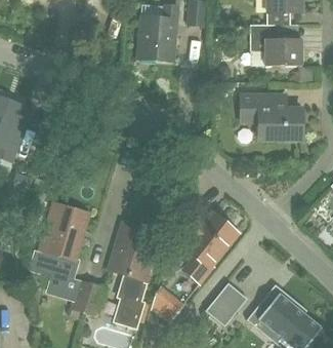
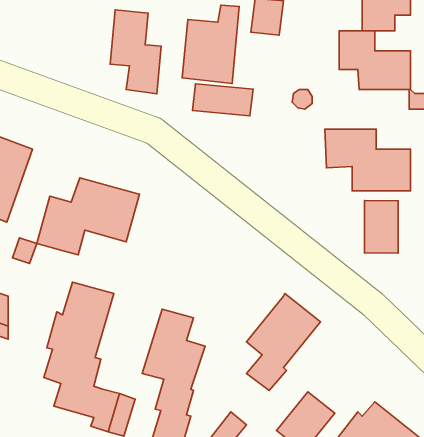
building: none -> [110,10,161,94]
building: none -> [192,84,253,116]
building: none -> [37,178,139,255]
building: none -> [365,200,398,253]

